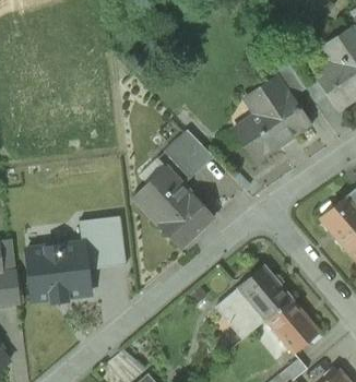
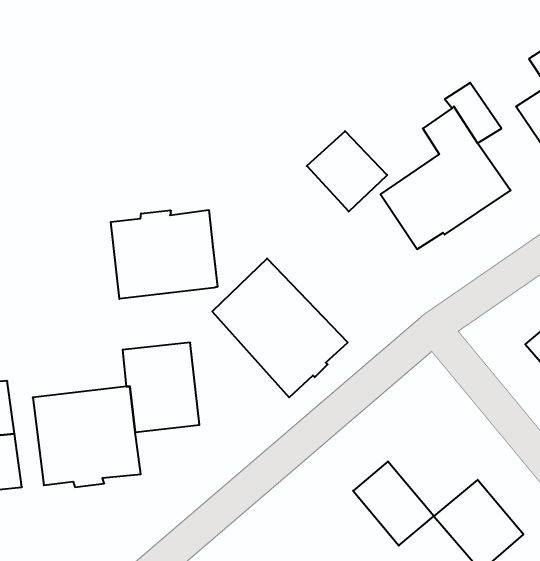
building: [164,131,212,179] -> [307,131,387,212]
building: none -> [111,210,217,299]
building: [237,266,290,321] -> none

